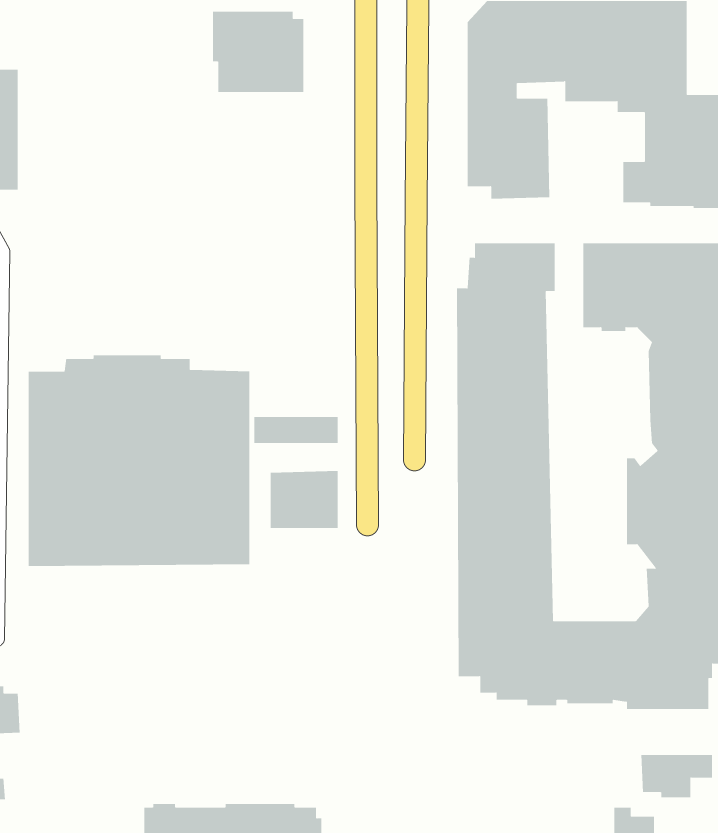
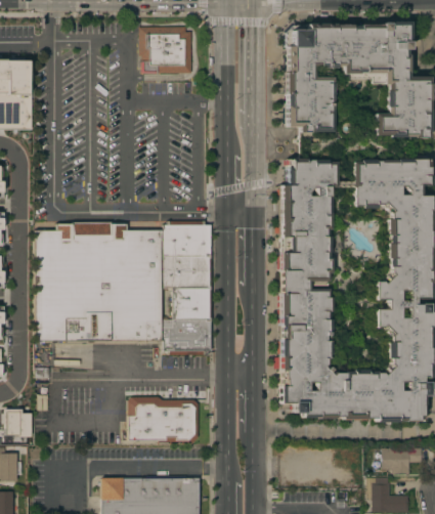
building: none -> [165,221,213,257]
building: none -> [165,272,213,289]
building: none -> [165,320,213,356]
building: none -> [130,397,201,444]

